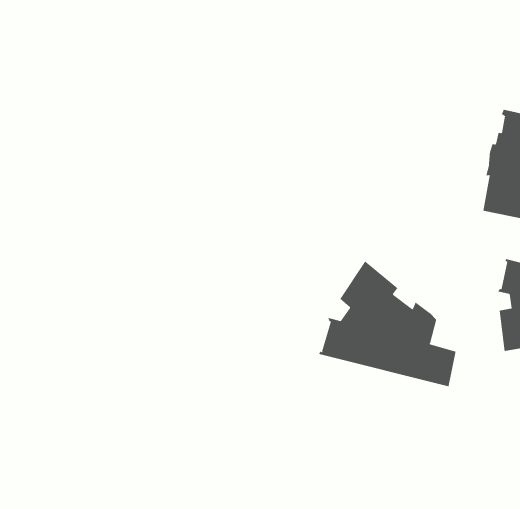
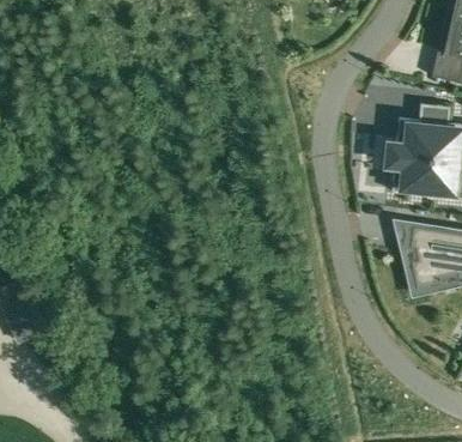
building: [318,261,456,387] -> none

